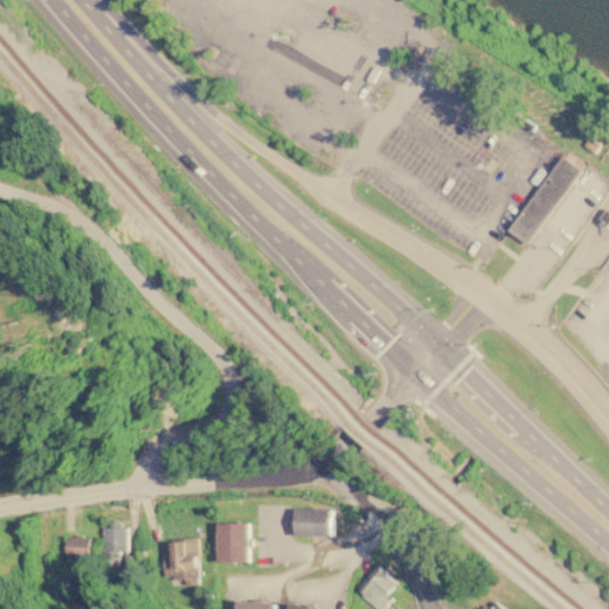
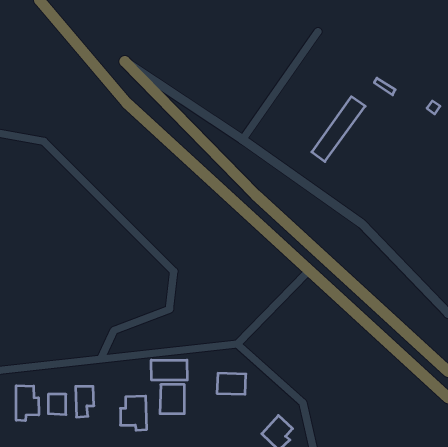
building: [504,158,577,246] -> [312,97,365,162]
building: none -> [151,360,187,380]
building: none -> [16,386,39,421]

